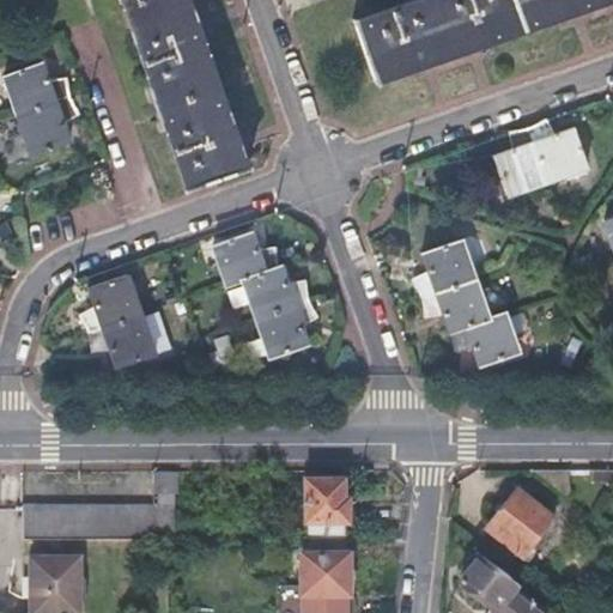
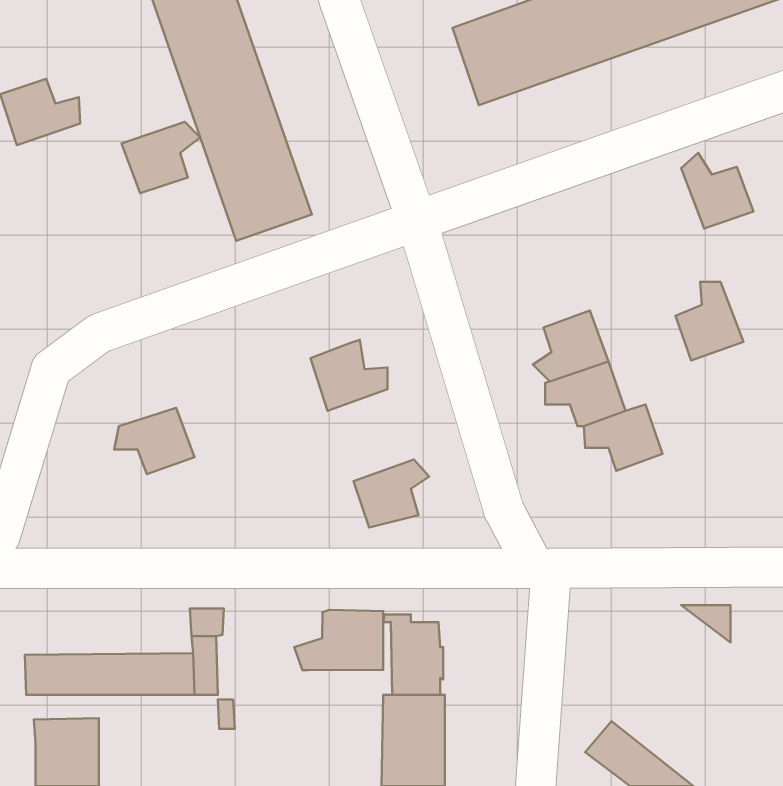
building: [18,96,79,151] -> [122,122,200,193]
building: [498,131,551,192] -> [676,282,744,361]
building: [218,235,277,283] -> none
building: [85,277,141,330] -> none
building: [259,302,317,354] -> [354,460,429,527]
building: none -> [294,610,383,670]
building: [490,491,554,558] -> none

